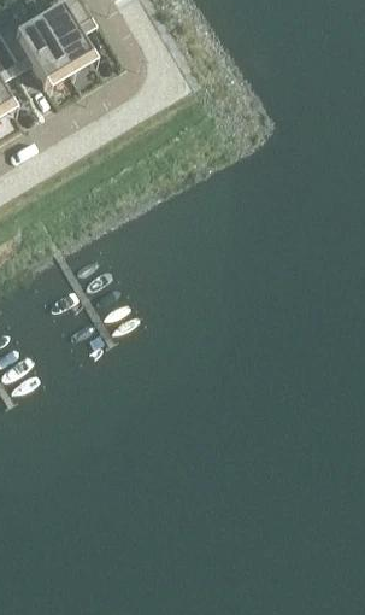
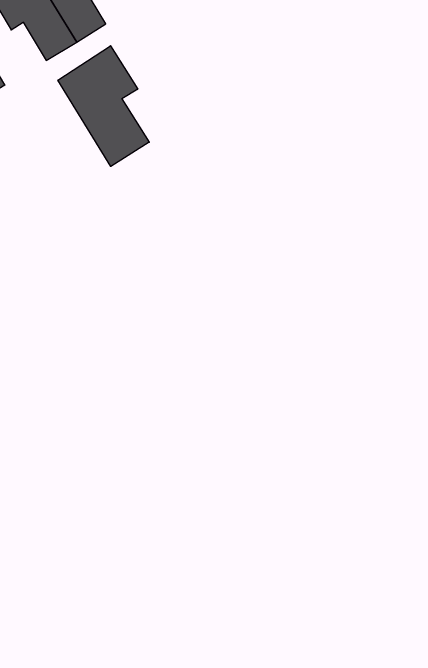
building: none -> [58,46,149,166]

